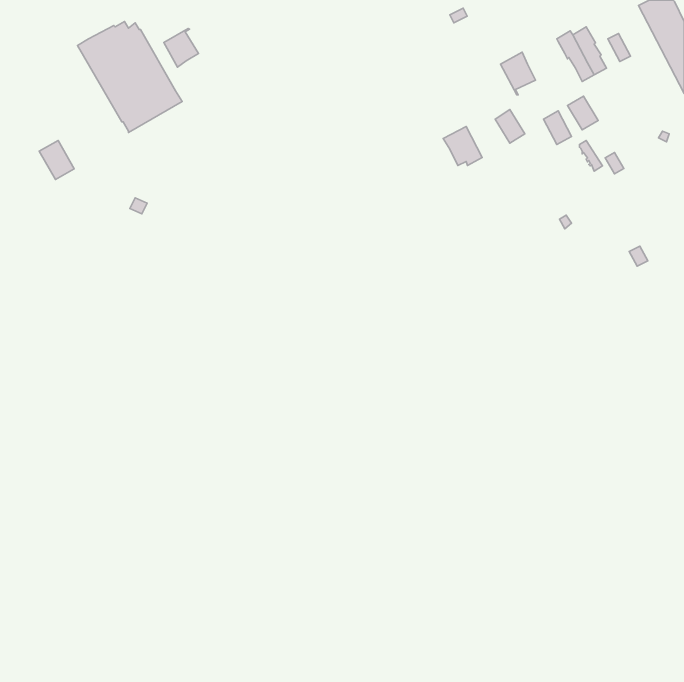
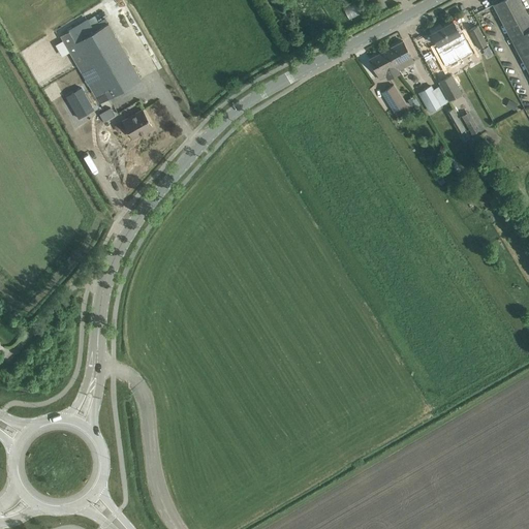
building: [164,28,199,67] -> none
building: [443,127,482,165] -> [369,51,399,81]
building: [39,141,74,179] -> [66,88,93,118]
building: none -> [123,111,153,138]

